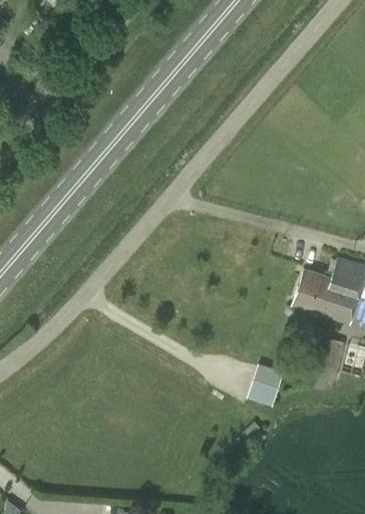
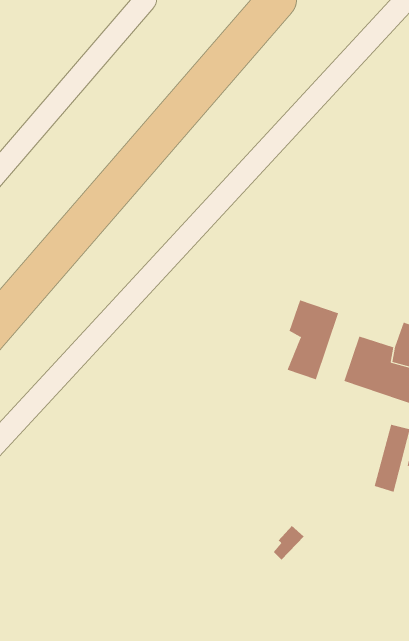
building: none -> [287,299,339,380]
building: [248,379,279,407] -> none

